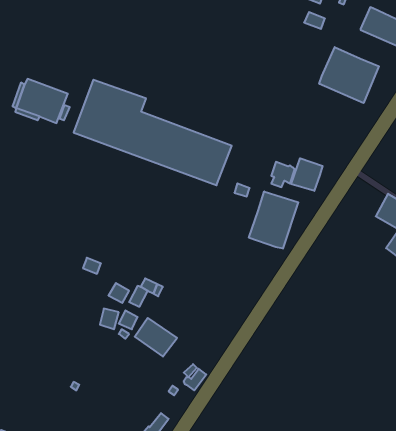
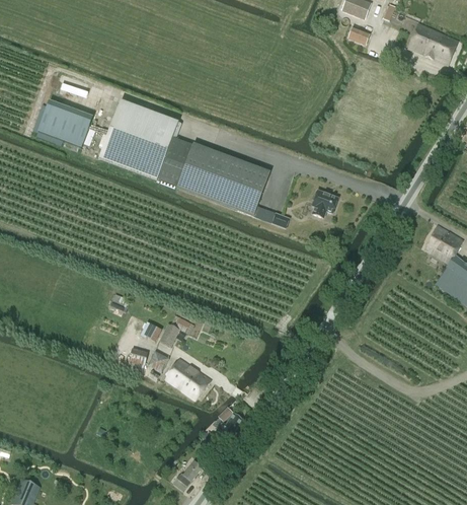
building: [319,47,379,103] -> none
building: [291,158,323,191] -> none
building: [249,191,298,249] -> none

